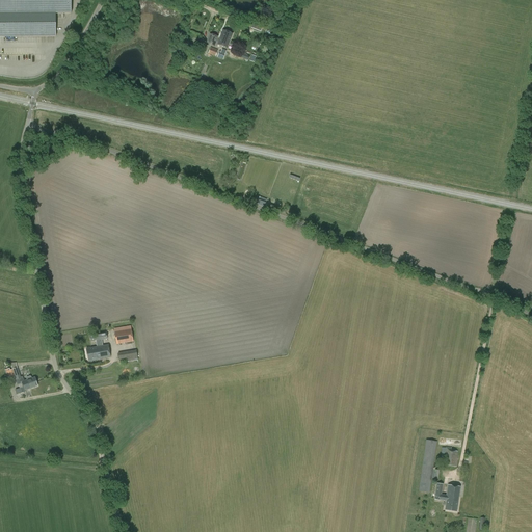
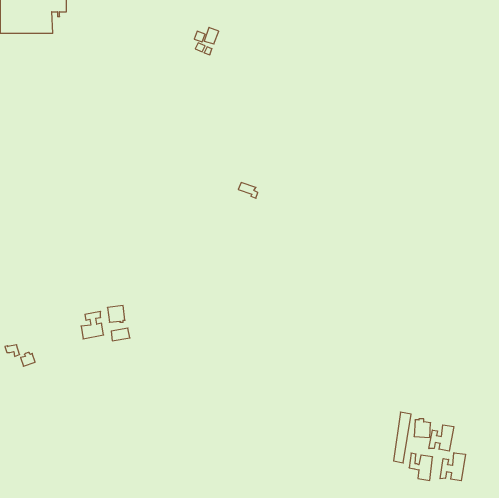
building: none -> [429,425,454,451]
building: none -> [440,453,465,481]

